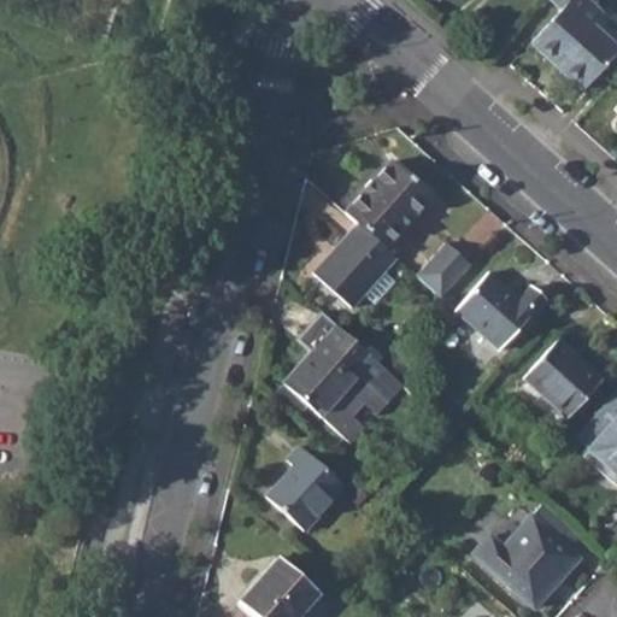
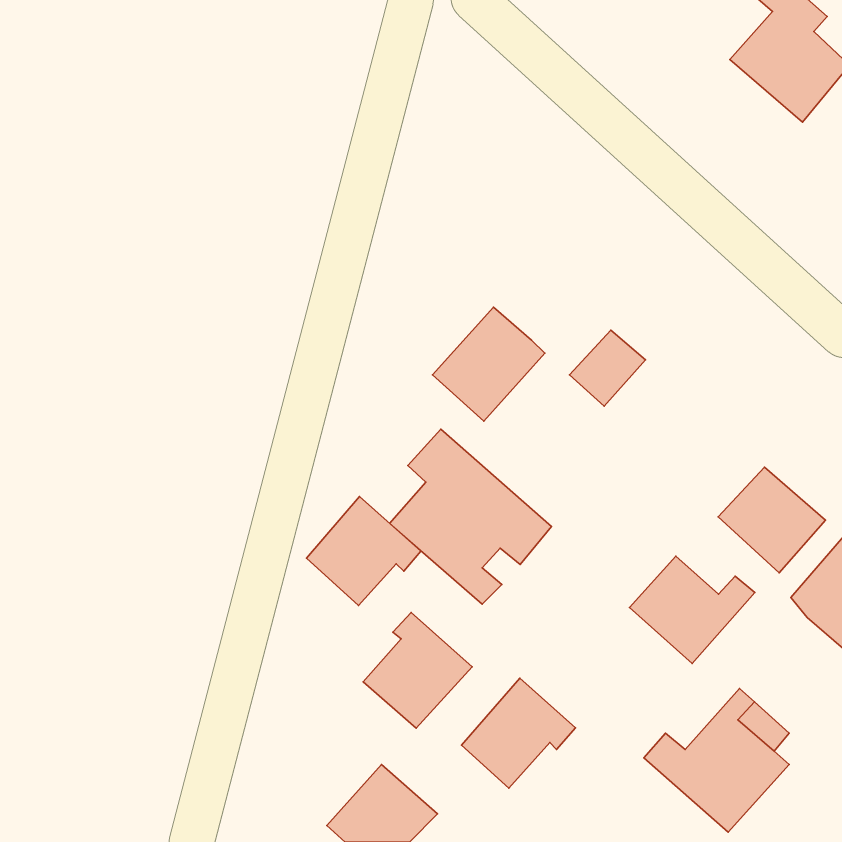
building: [348,161,433,248] -> none
building: [456,271,547,349] -> [630,556,755,664]
building: none -> [307,497,421,605]
building: none -> [462,678,576,788]

